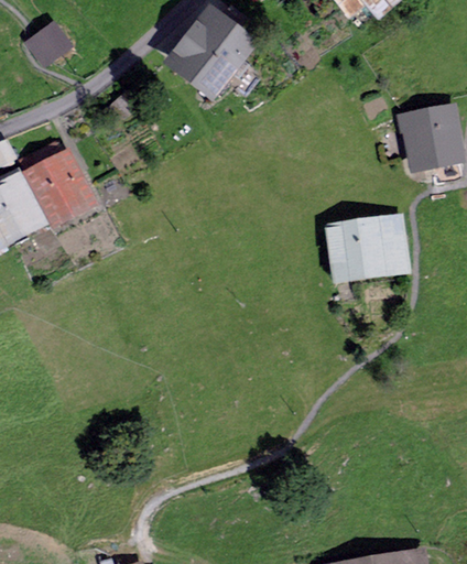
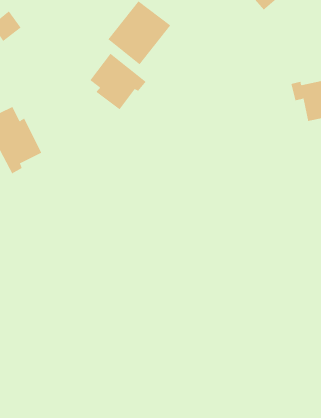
building: none -> [89,53,147,110]
building: [328,220,408,278] -> none

